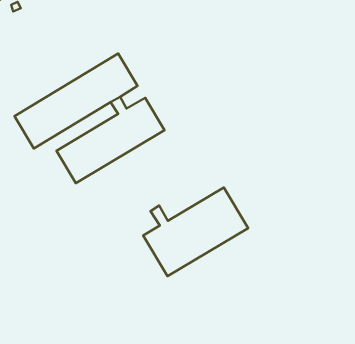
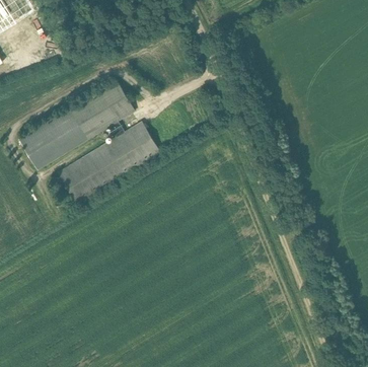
building: [143,188,248,276] -> none

